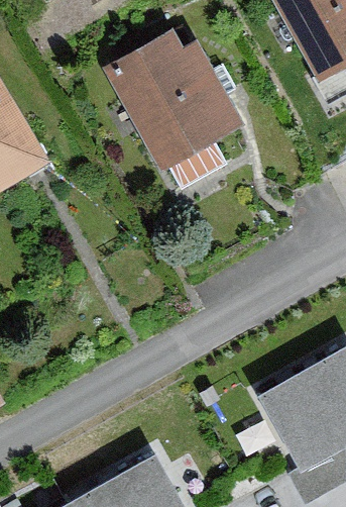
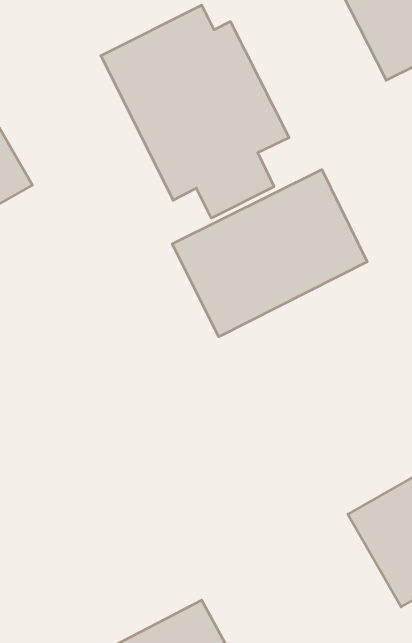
building: none -> [172,170,367,337]

